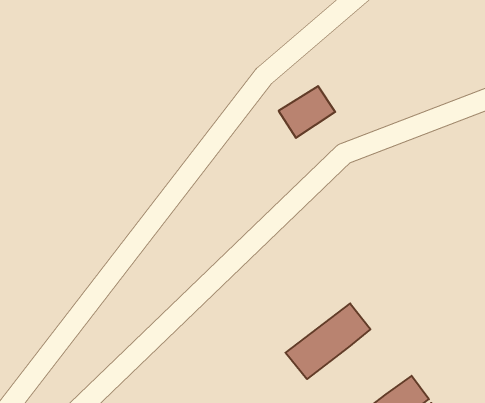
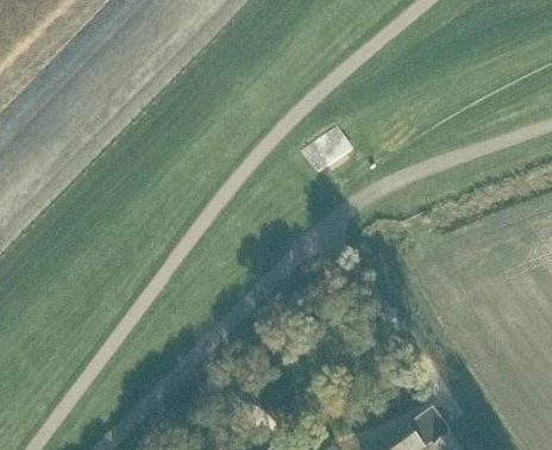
building: [285,303,370,379] -> none

